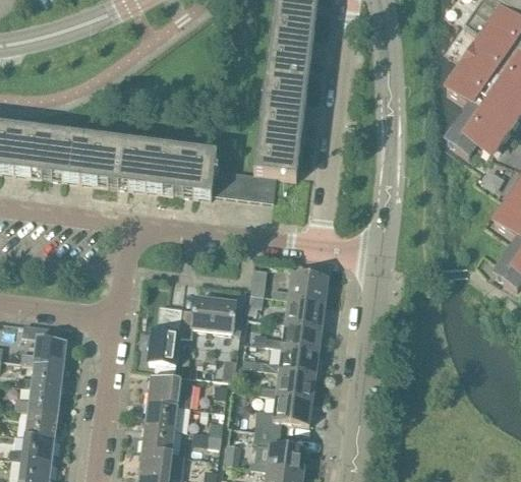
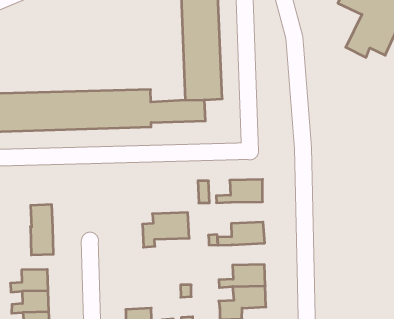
building: [269,297,325,325] -> none
building: [151,303,183,363] -> [30,205,53,255]
building: [263,346,319,374] -> none
building: [149,375,193,406] -> none

